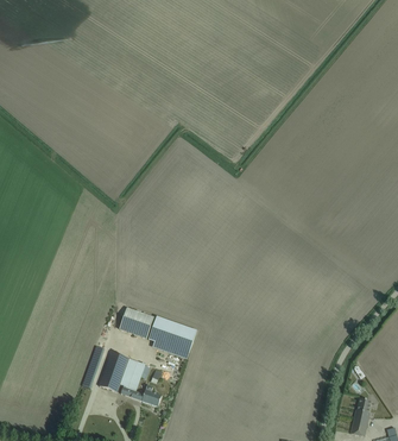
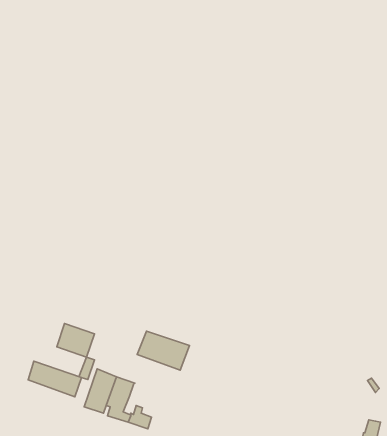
building: [120,308,154,339] -> [57,323,94,357]
building: none -> [28,361,81,397]

